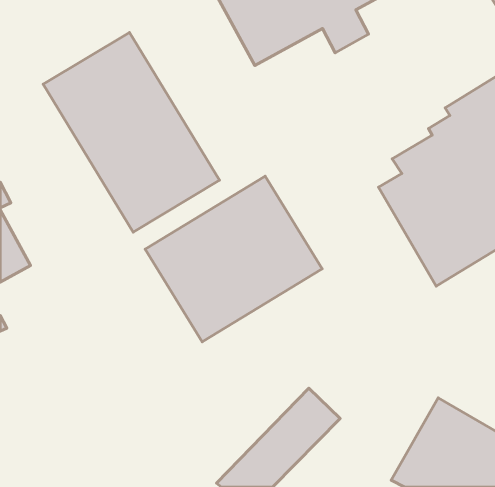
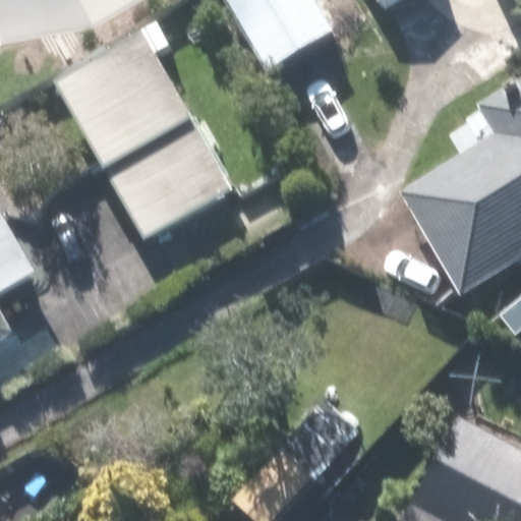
building: [145,176,322,342] -> none

